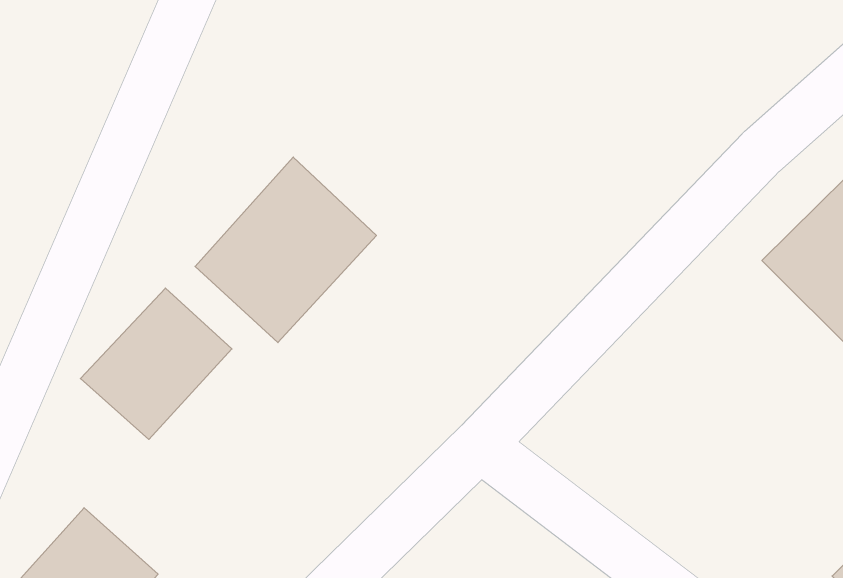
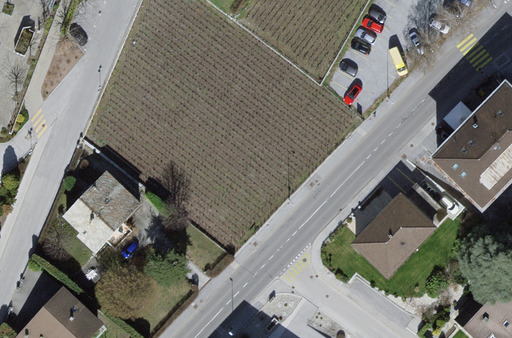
building: [195,157,376,343] -> none
building: none -> [352,189,438,275]

